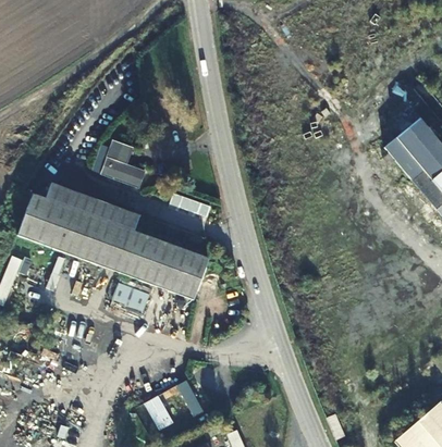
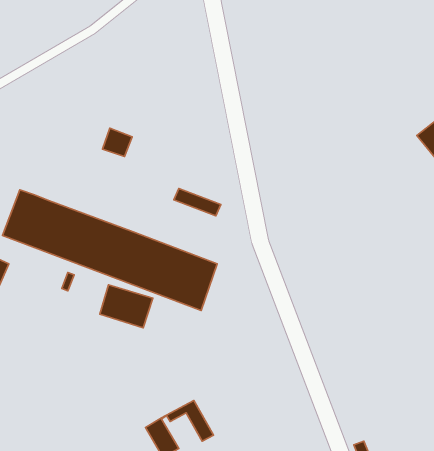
building: [101,158,145,187] -> none
building: [47,182,140,231] -> none

